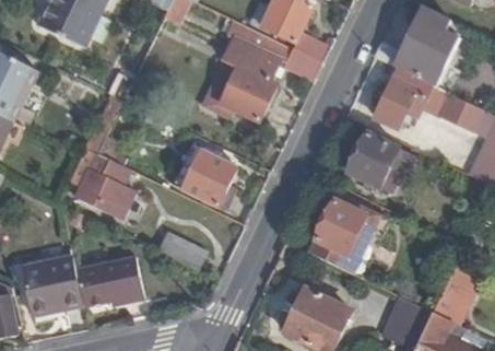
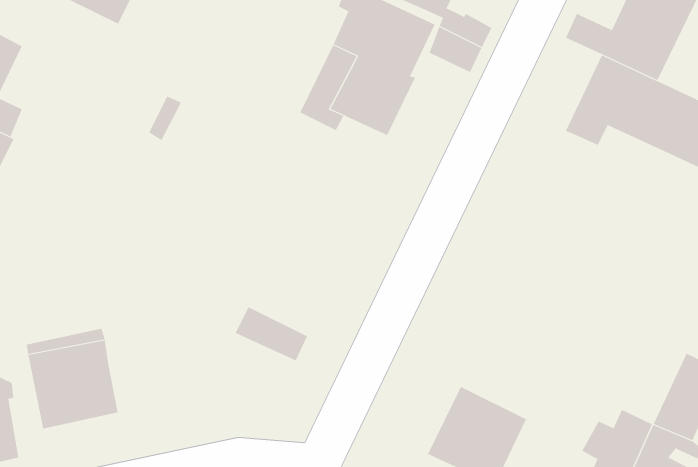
building: [347,133,415,187] -> none
building: [73,149,132,219] -> none
building: [180,151,236,209] -> none
building: [309,201,390,278] -> none
building: [74,258,142,309] -> none

